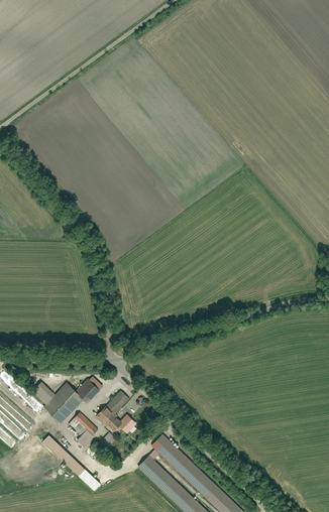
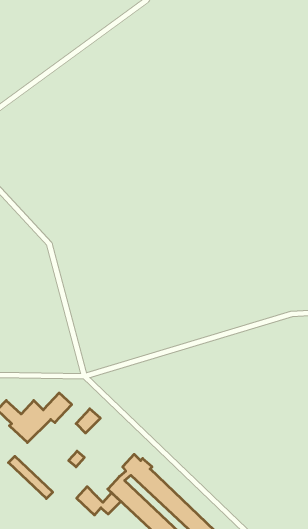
building: [97,405,139,432] -> [77,487,121,515]
building: [69,413,98,447] -> none

